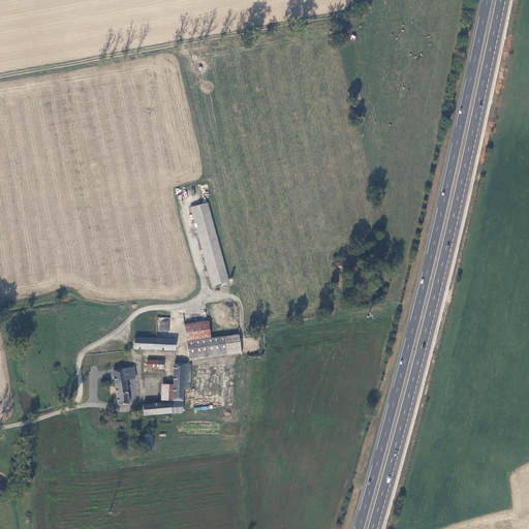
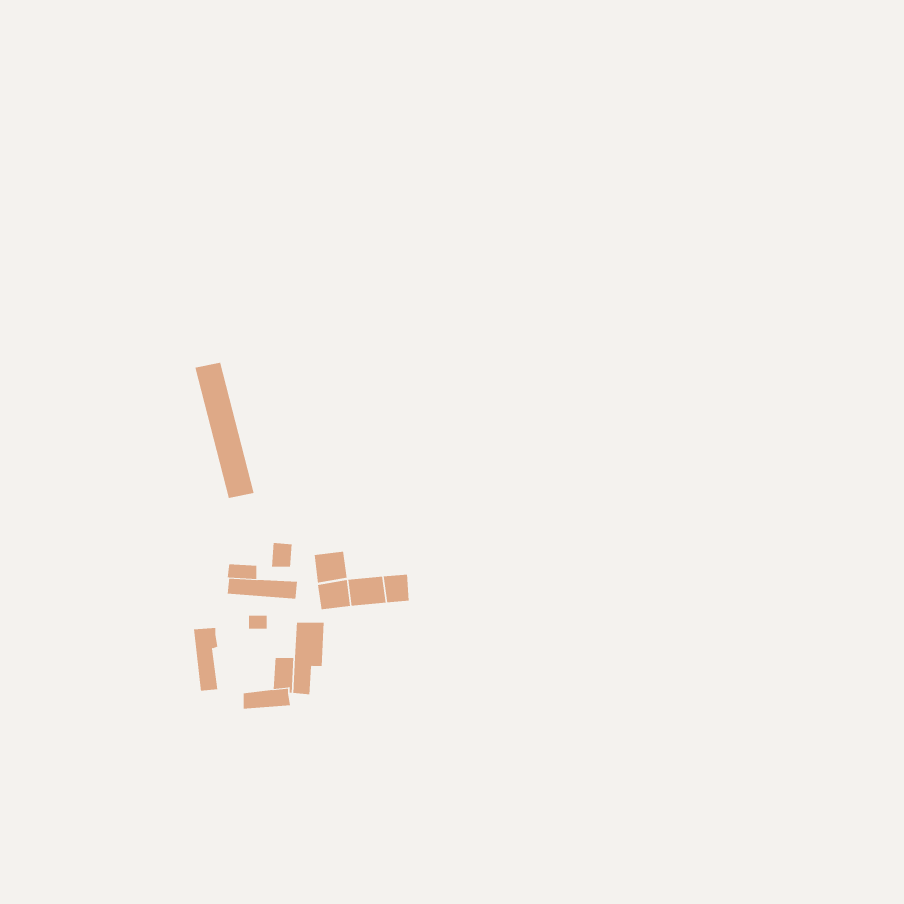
building: [193,206,228,285] -> [194,362,255,499]

